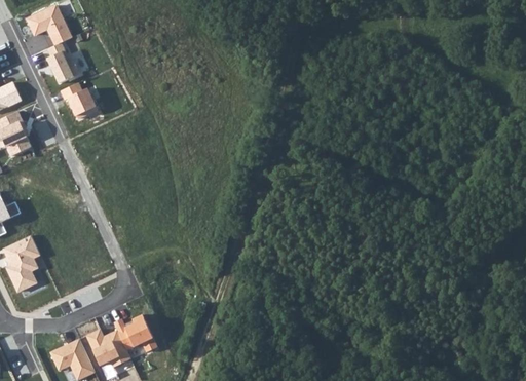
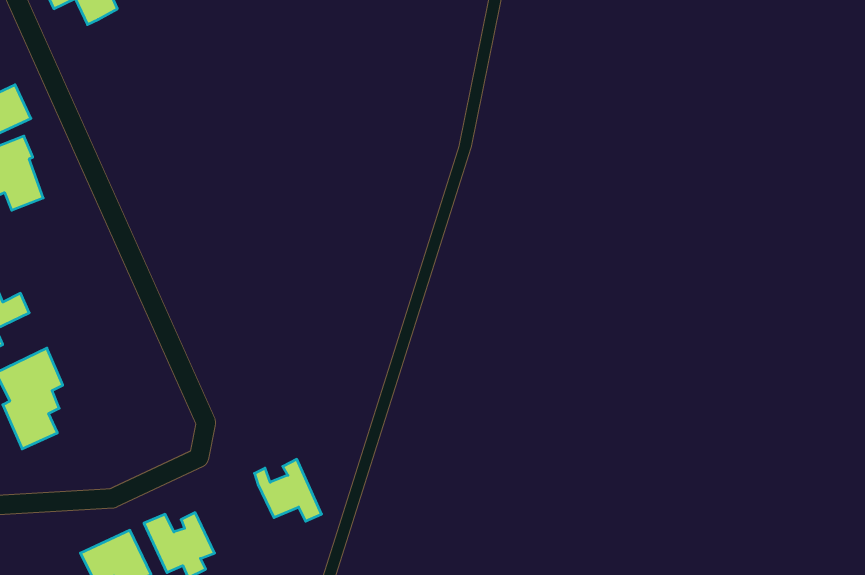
building: [47,43,79,83] -> none
building: [61,83,97,118] -> none
building: [115,315,154,351] -> [254,459,322,521]

